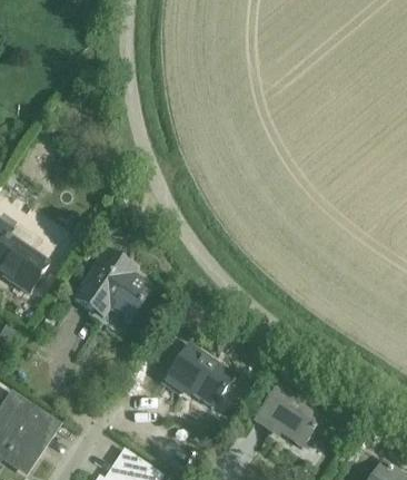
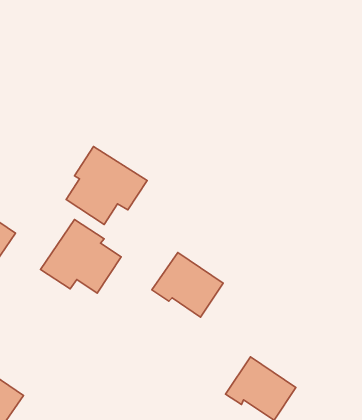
building: none -> [66,147,147,224]
building: [165,344,235,408] -> [152,252,223,317]

